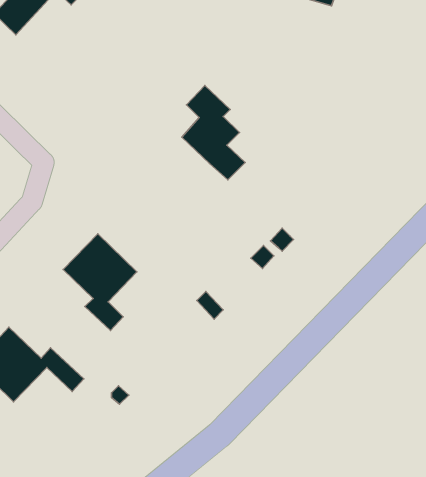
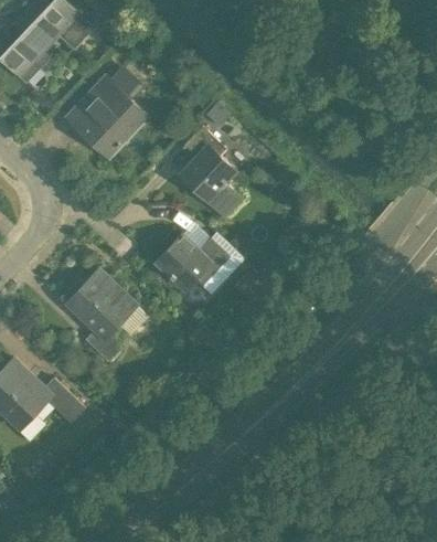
building: none -> [66,77,148,159]
building: none -> [156,234,231,290]

